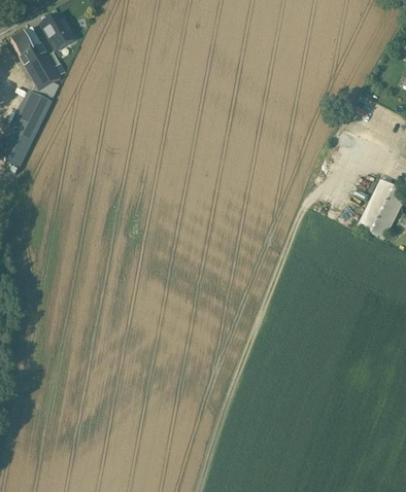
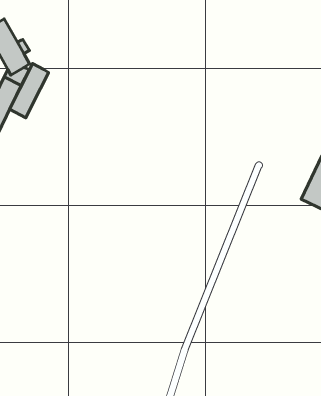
building: [42,12,74,48] -> none
building: none -> [10,64,49,118]

